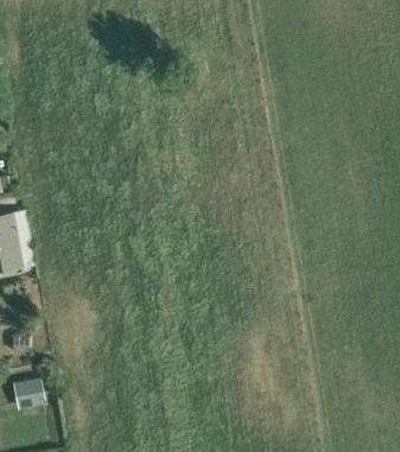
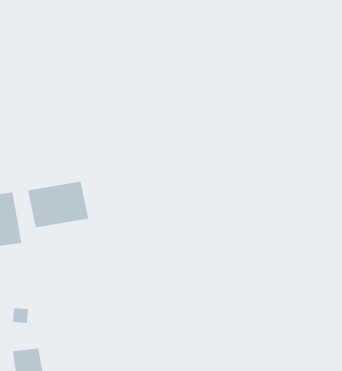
building: none -> [27,181,89,228]

